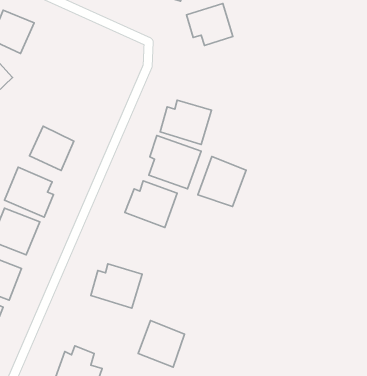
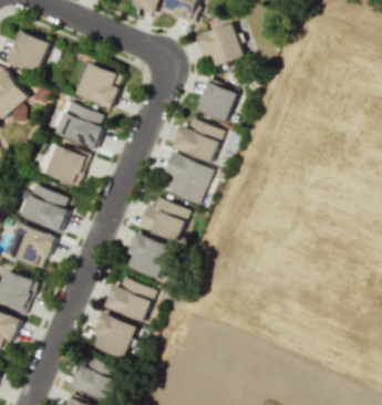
building: none -> [75,63,121,107]
building: none -> [195,80,237,122]
building: none -> [54,102,103,149]
building: [198,156,246,207] -> none
building: none -> [126,232,169,279]
building: [138,320,185,367] -> [90,313,135,359]

